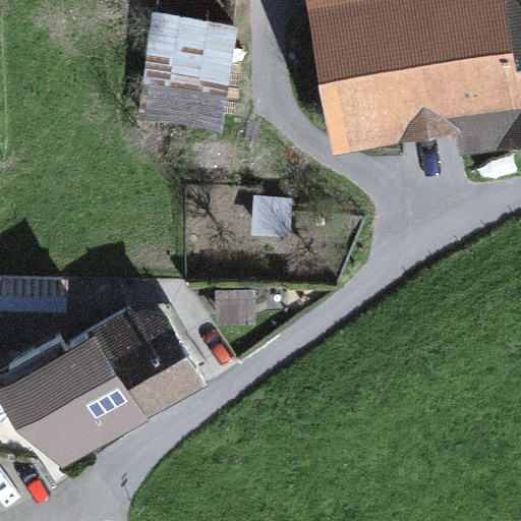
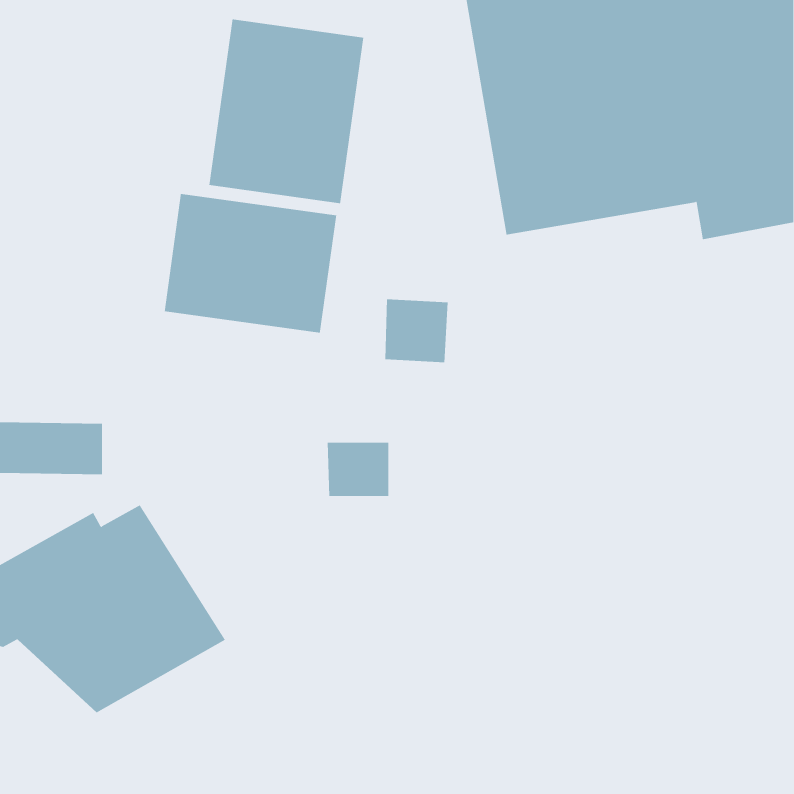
building: none -> [164,193,337,334]
building: [92,307,207,418] -> none

